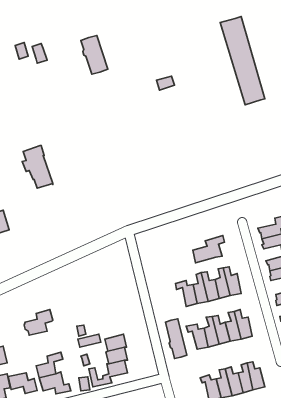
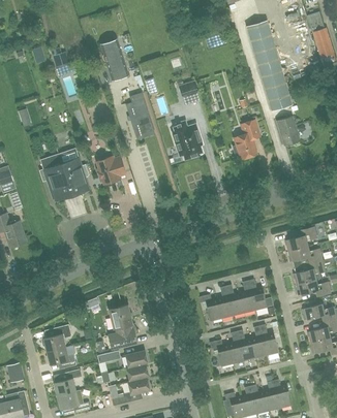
building: none -> [125,91,154,137]
building: none -> [276,117,299,147]
building: none -> [232,120,259,159]
building: none -> [172,121,202,160]
building: none -> [59,149,88,194]
building: none -> [96,156,125,185]
building: [193,236,224,263] -> none
building: none -> [109,304,139,349]
building: [165,319,187,358] -> none
building: [8,373,37,394] -> [47,347,76,368]

